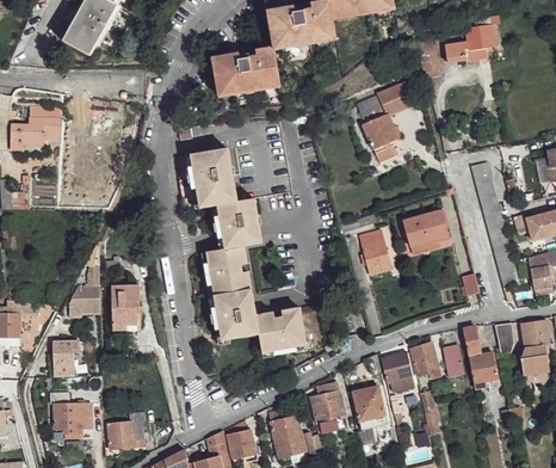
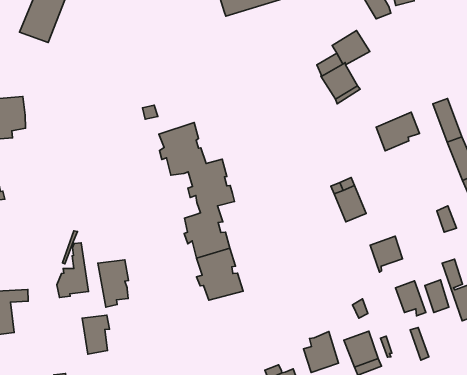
building: [210,47,279,98] -> none
building: [402,210,445,246] -> [376,112,420,151]
building: [253,304,304,351] -> none
building: [52,341,79,378] -> [82,315,110,354]
building: [381,352,412,387] -> [370,236,403,272]

